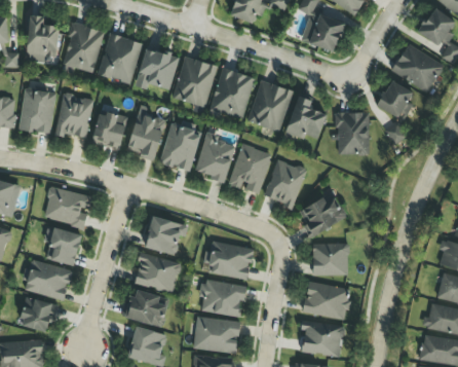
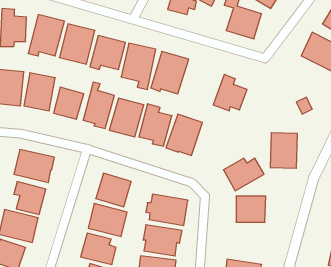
building: [247,79,293,131] -> none
building: [376,79,416,119] -> none
building: [337,111,370,154] -> [270,133,297,168]
building: [264,158,306,207] -> none
building: [303,281,351,319] -> none

